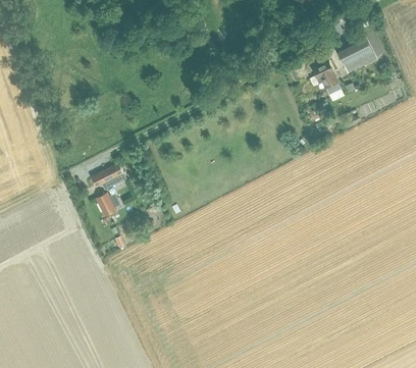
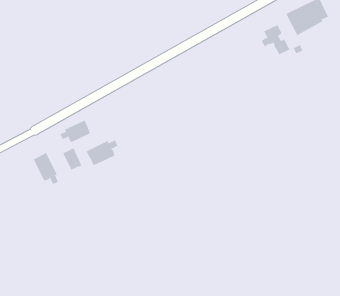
building: none -> [86,140,118,166]
building: none -> [33,152,59,185]

